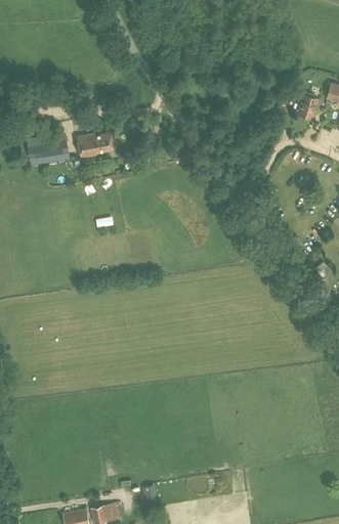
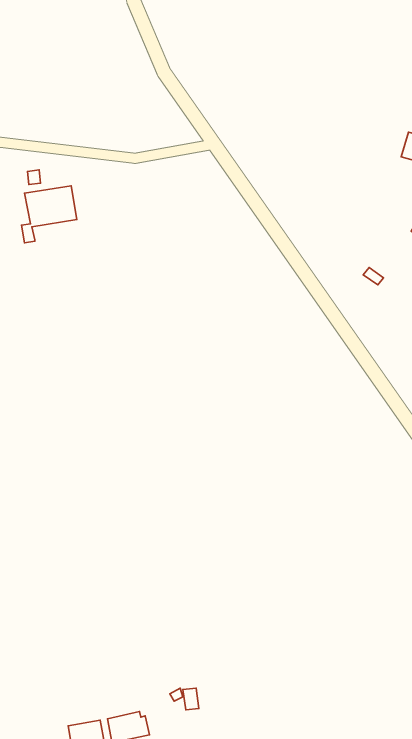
building: [76,133,113,159] -> none

